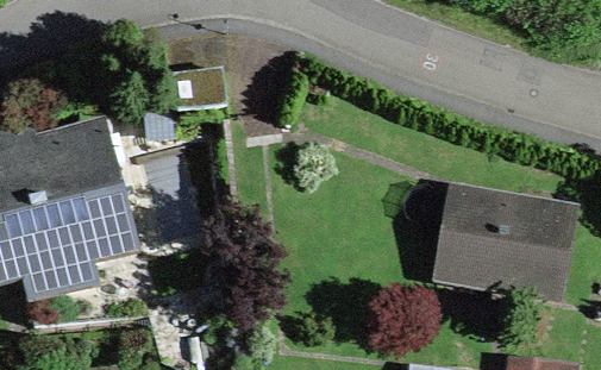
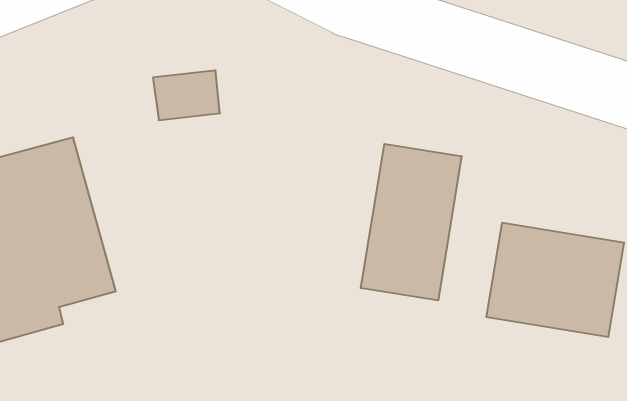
building: none -> [361,144,462,300]

